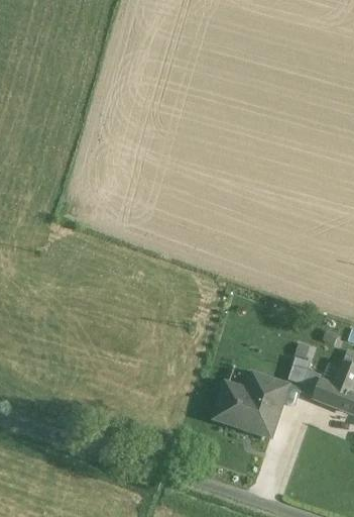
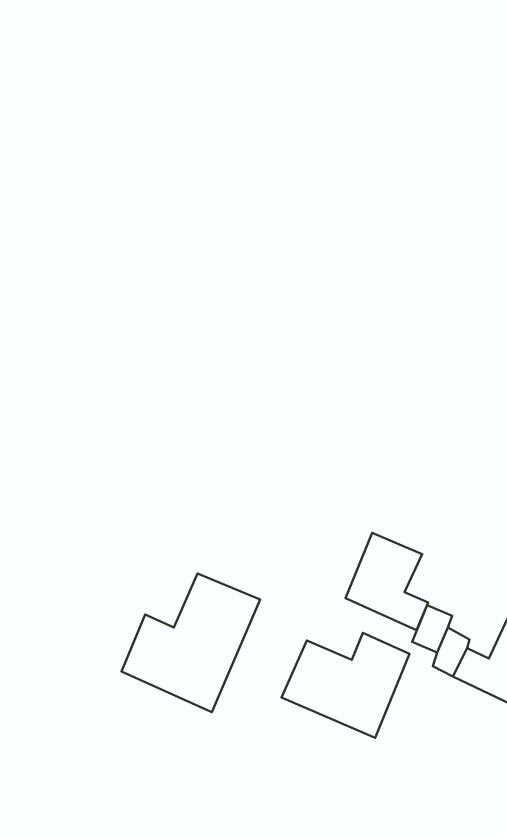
building: none -> [346,533,428,630]
building: none -> [122,573,260,712]

